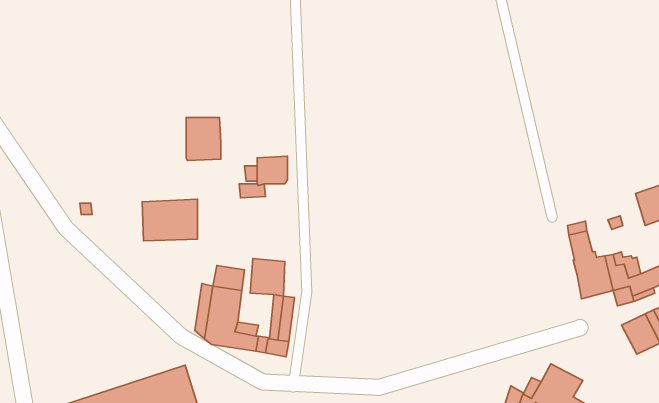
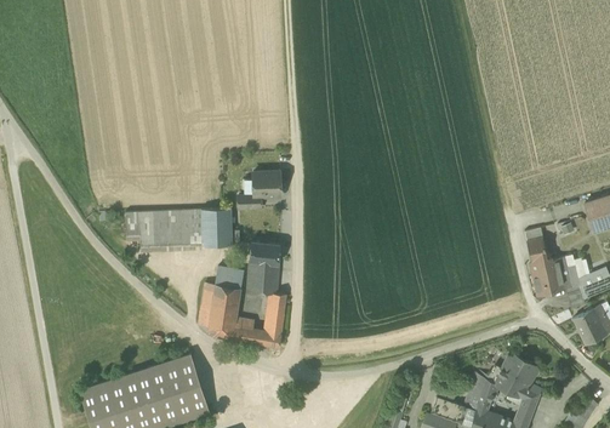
building: [186,118,221,160] -> [201,210,232,247]
building: none -> [125,212,154,247]
building: none -> [250,242,280,264]

